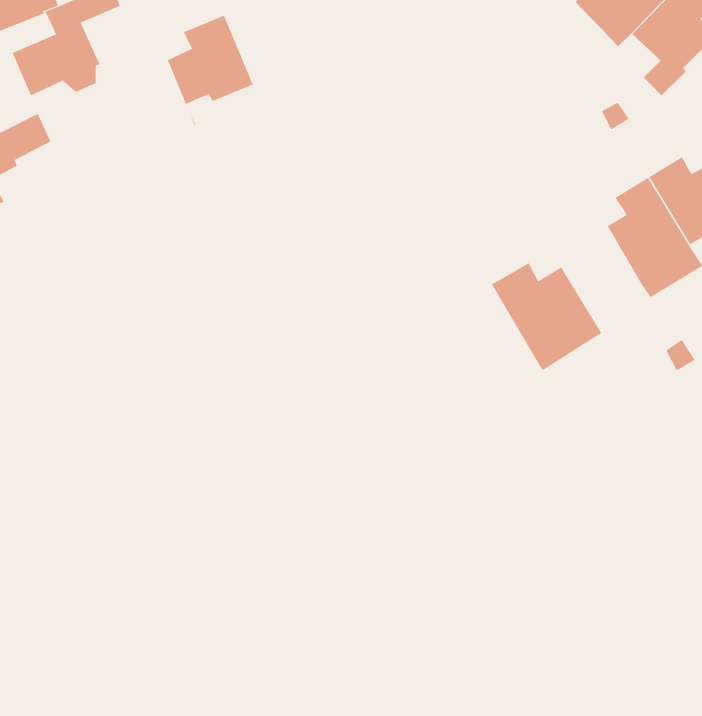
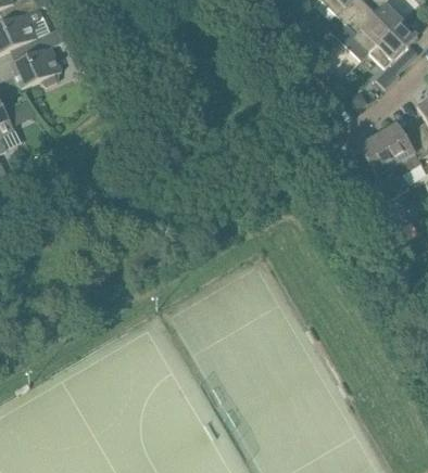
building: [167,15,253,126] -> none
building: [491,262,602,371] -> none

